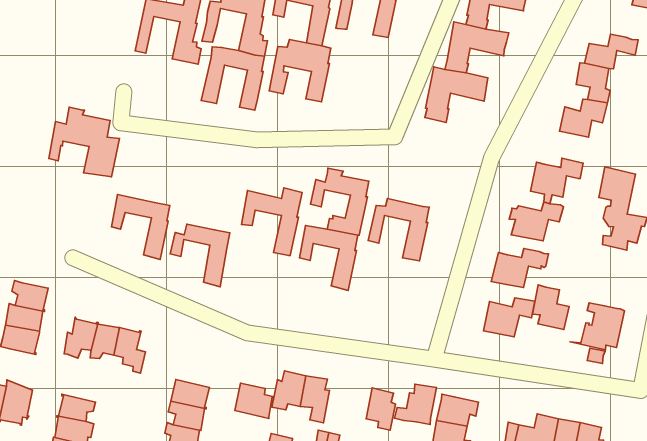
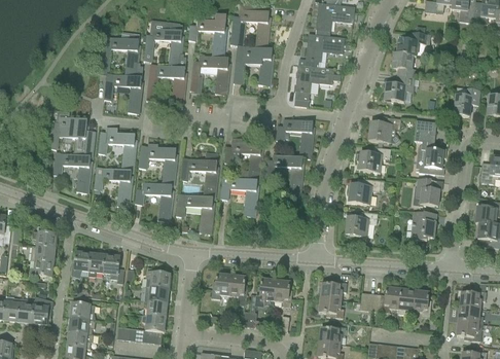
building: none -> [233,44,272,84]
building: none -> [104,72,142,112]
building: none -> [98,125,135,171]
building: none -> [276,117,313,157]
building: none -> [139,142,176,185]
building: none -> [53,152,91,191]
building: none -> [176,192,213,232]
building: [532,285,569,329] -> [416,177,439,205]
building: [235,383,274,418] -> [146,266,171,288]
building: [395,384,436,425] -> [250,278,276,303]

